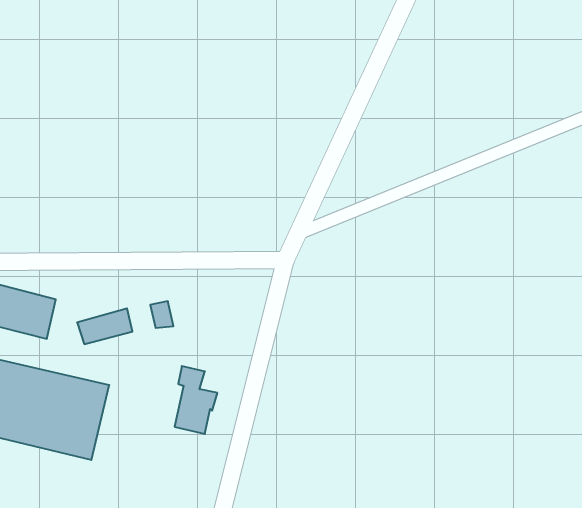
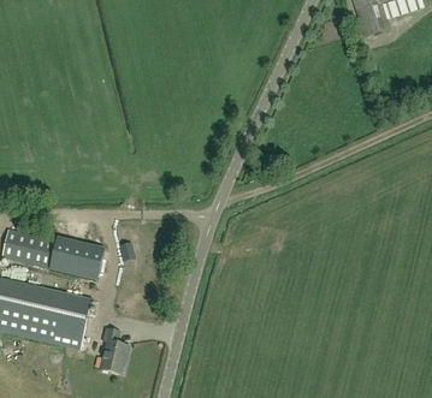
building: [175,366,217,434] -> [100,327,129,373]

